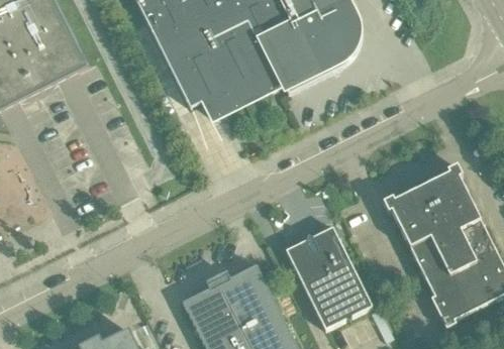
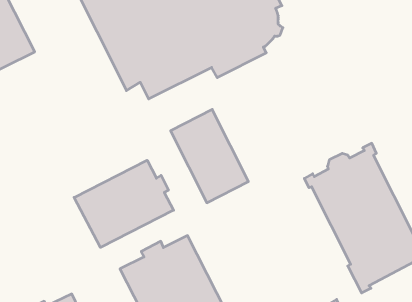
building: none -> [74,160,174,247]
building: [286,226,371,328] -> [171,109,248,203]

